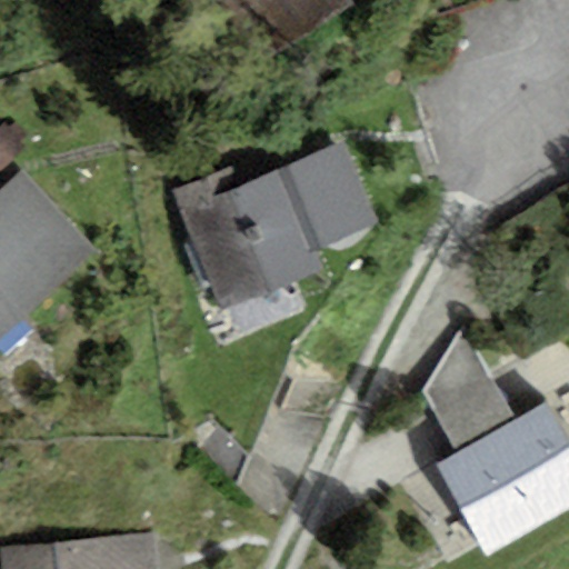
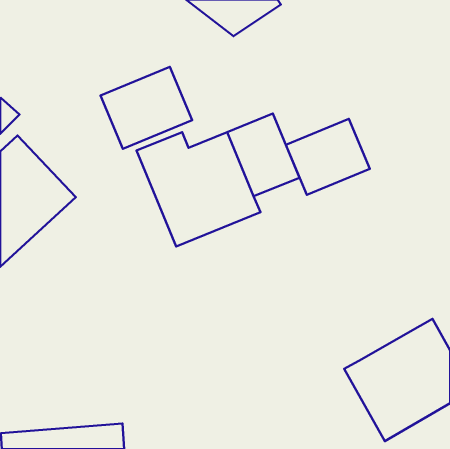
building: none -> [100,67,192,149]
building: none -> [286,119,370,195]
building: [422,325,515,453] -> none

